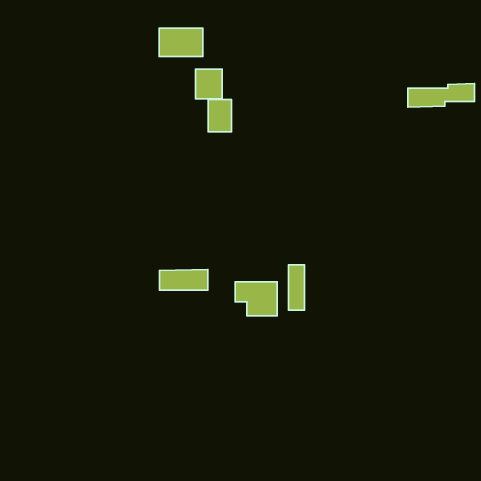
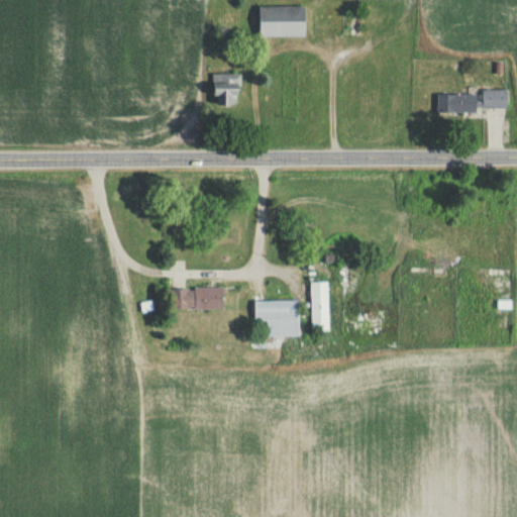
building: [159,28,203,57] -> [258,6,305,36]
building: [208,99,232,132] -> none

